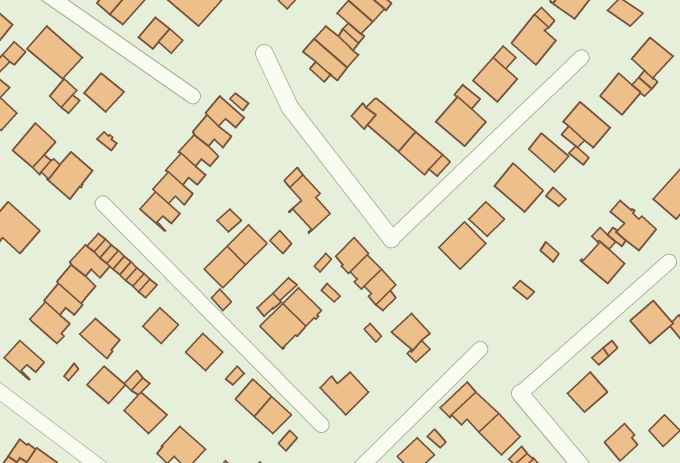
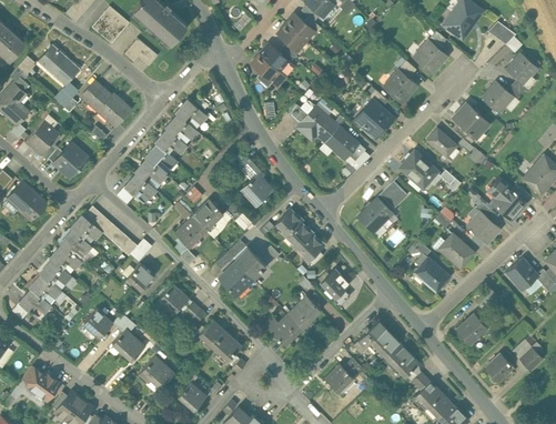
building: none -> [98,94,131,127]
building: none -> [438,234,474,267]
building: none -> [414,258,449,292]
building: [80,318,120,358] -> [29,274,60,305]
building: none -> [287,295,321,329]

